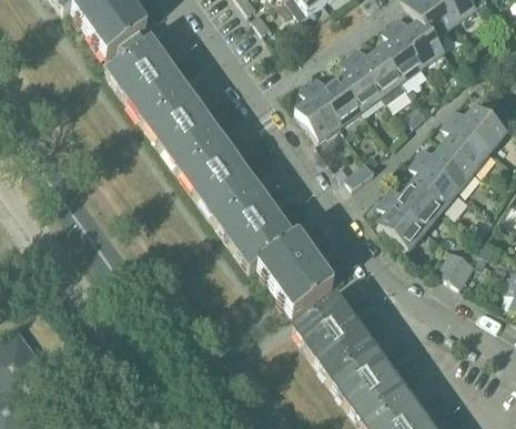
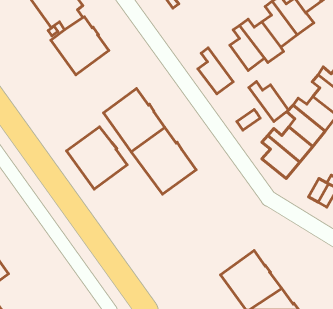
building: [312,73,363,124] -> [249,82,289,121]
building: [142,84,220,164] -> [67,127,127,189]
building: [261,234,336,314] -> none
building: [295,296,371,371] -> none

